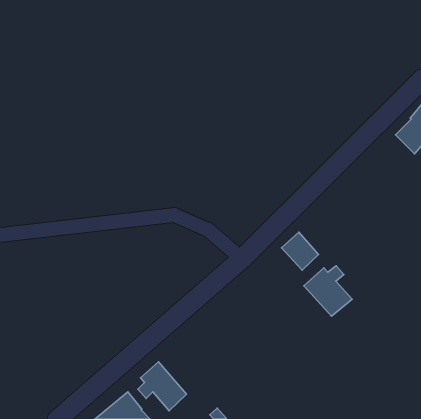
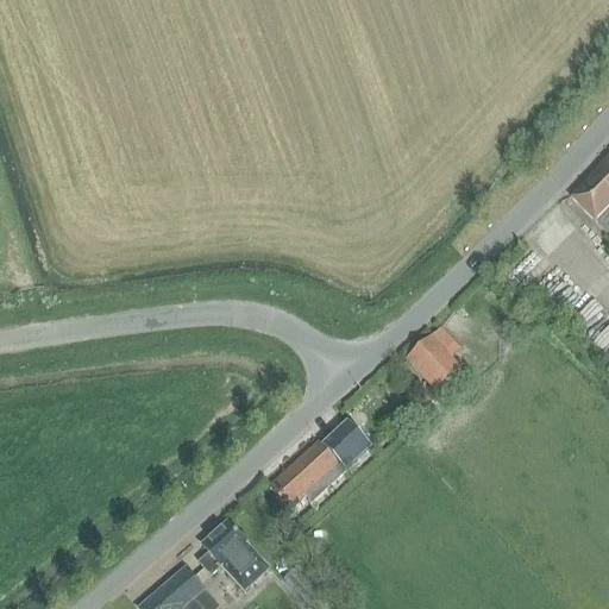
building: [304,266,352,316] -> none
building: none -> [271,420,369,508]

